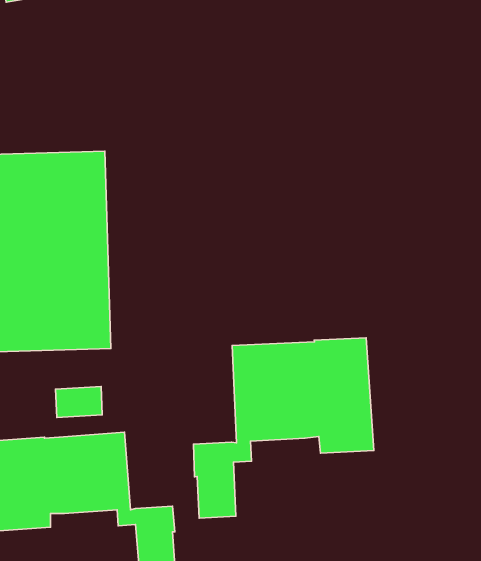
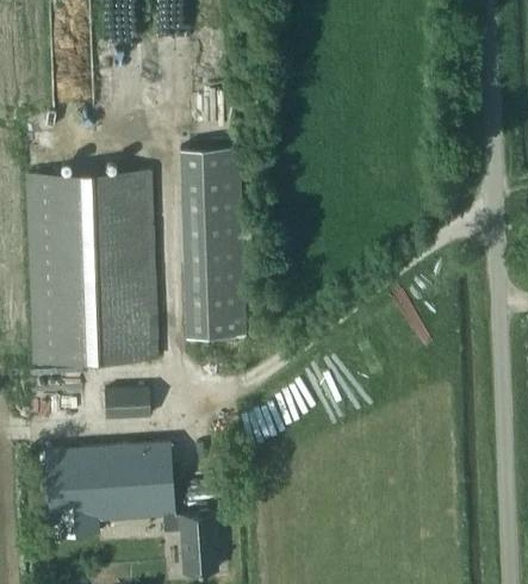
building: none -> [179,154,244,344]
building: [193,338,374,518] -> none

